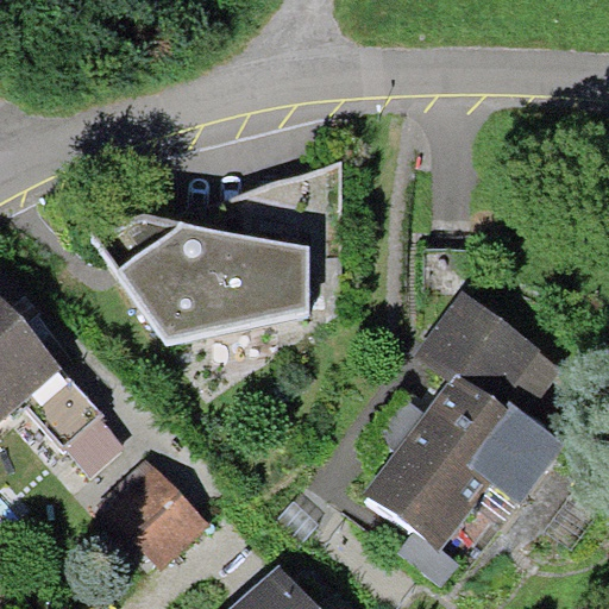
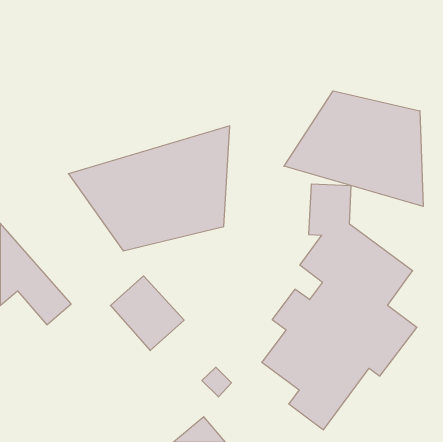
building: none -> [284,91,423,206]
building: [105,466,206,569] -> [110,276,184,351]

